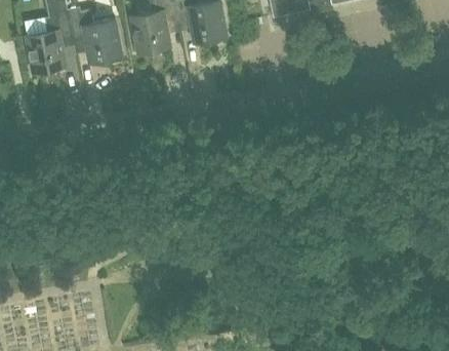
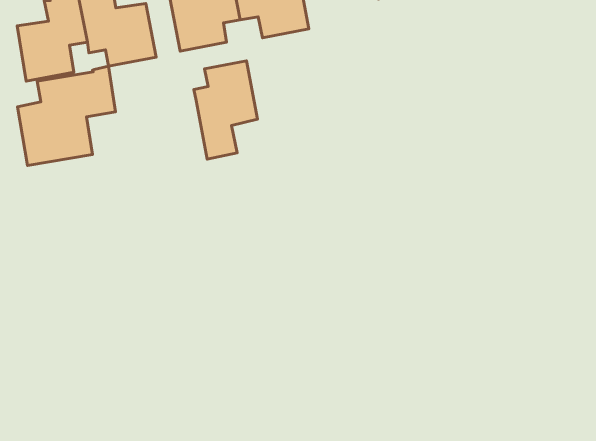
building: none -> [194,61,257,159]
building: none -> [18,66,115,165]

